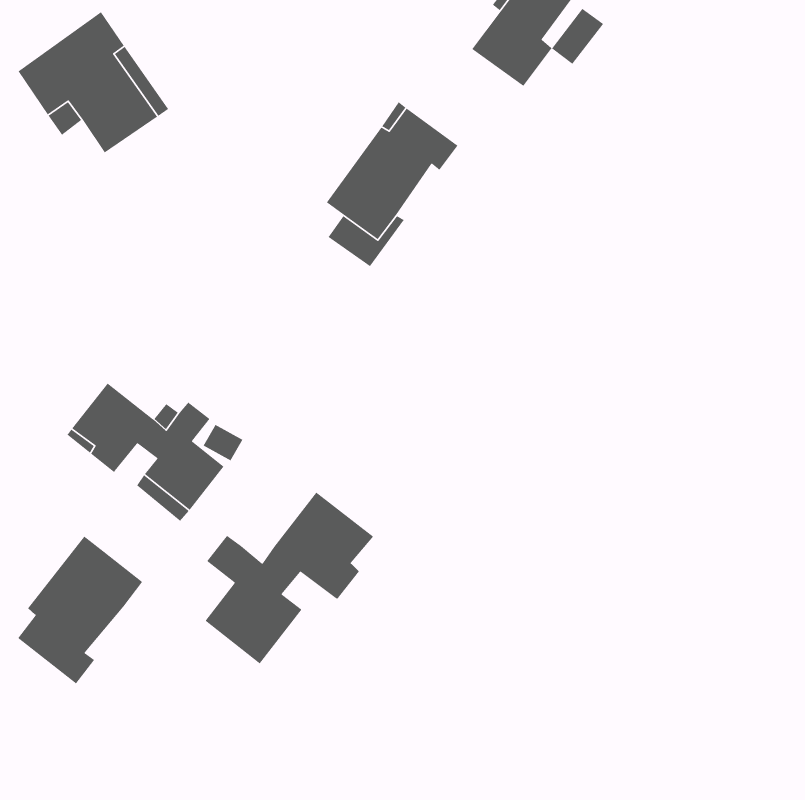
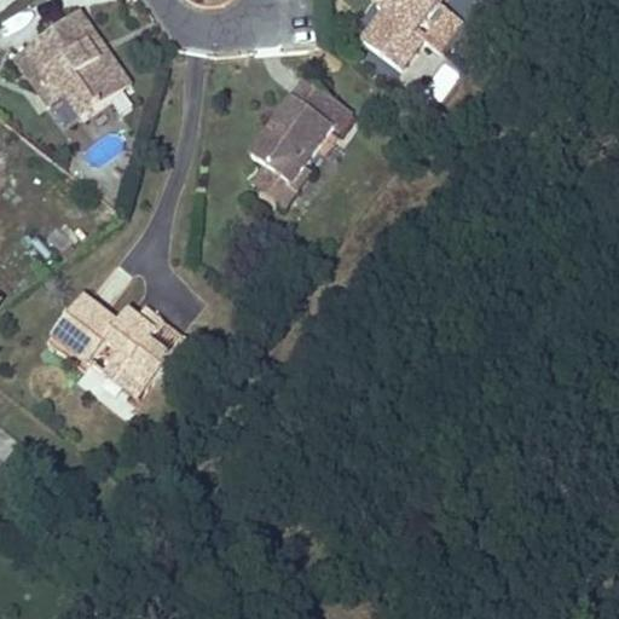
building: [204,492,374,664] -> none
building: [17,535,143,685] -> none

